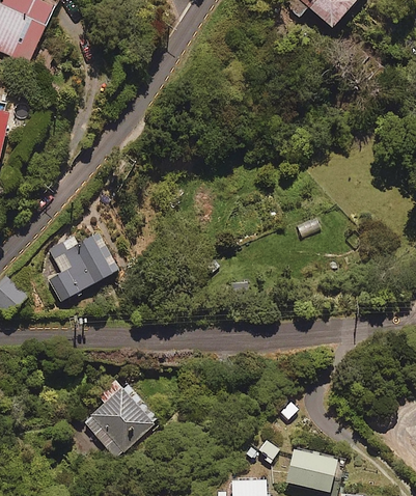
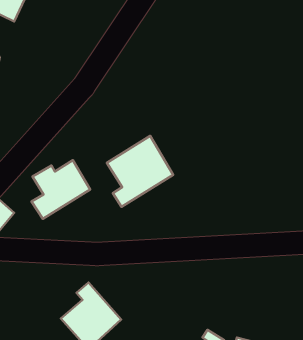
building: none -> [107,136,173,207]

